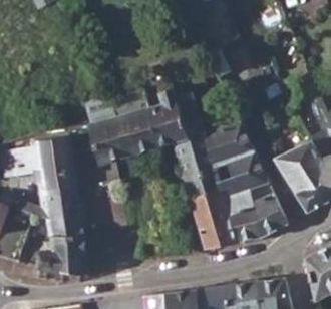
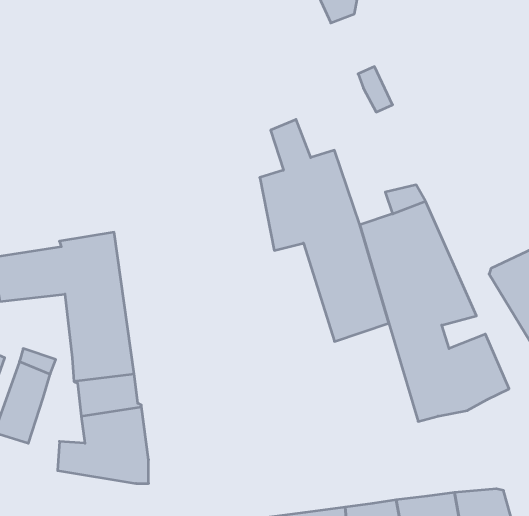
building: [85,88,157,185] -> none
building: [191,188,237,247] -> none

